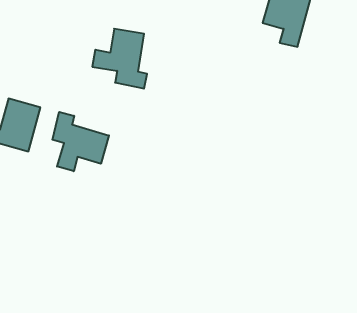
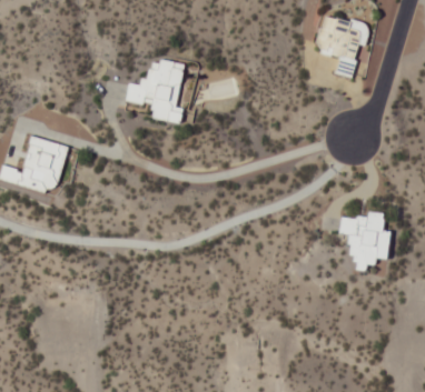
building: [52,112,109,171] -> none
building: none -> [340,211,388,269]

